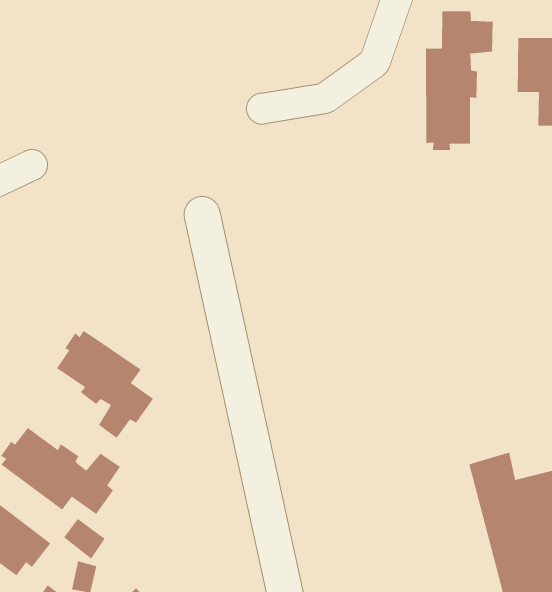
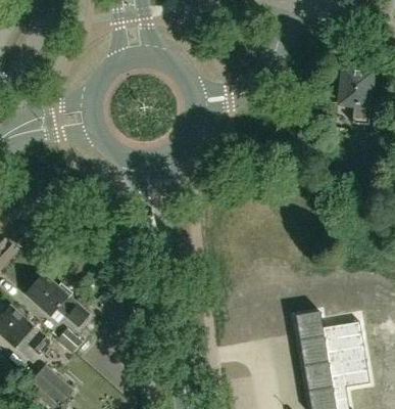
building: [426,11,493,151] -> none
building: [56,330,154,439] -> none

